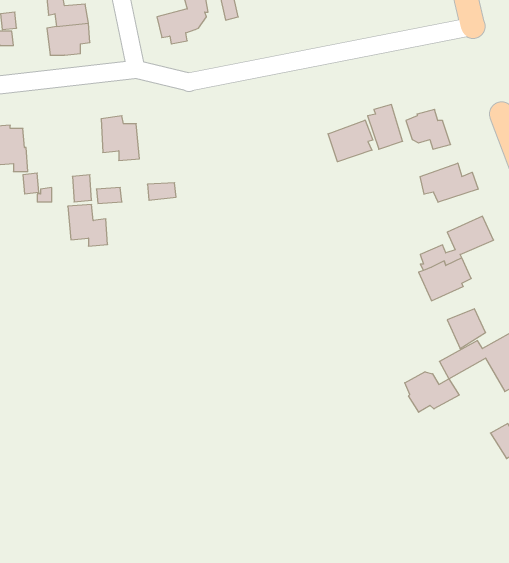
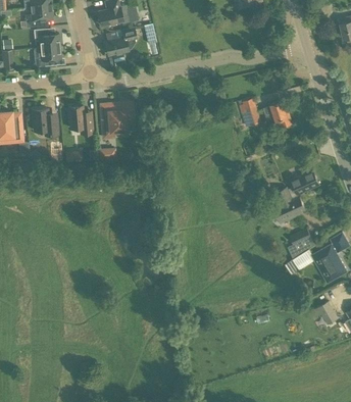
building: none -> [101,103,133,138]
building: [328,120,373,162] -> none
building: [420,163,478,202] -> none
building: [68,205,108,246] -> [32,108,57,135]
building: [405,372,459,412] -> none

